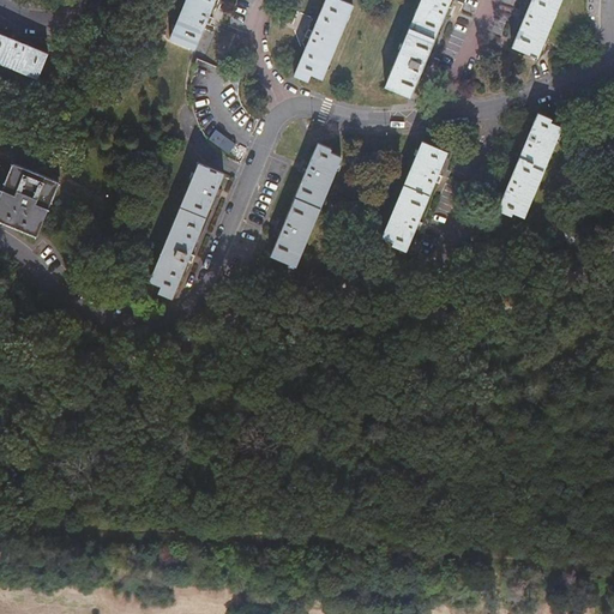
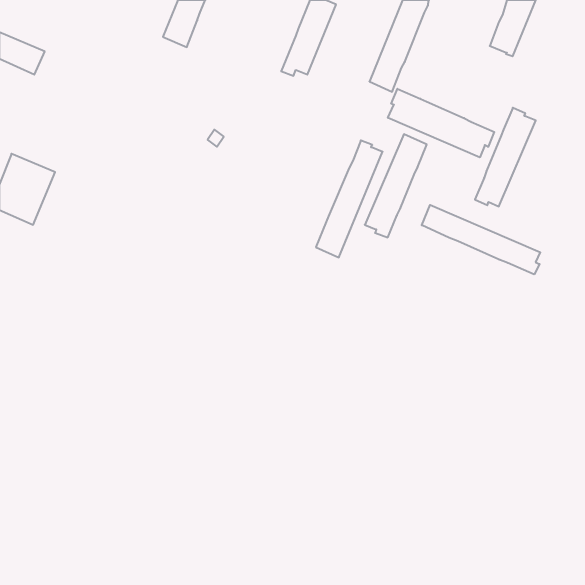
building: none -> [388,89,494,157]
building: [271,144,341,266] -> [316,140,383,257]
building: [150,163,223,297] -> none
building: none -> [422,205,540,274]

